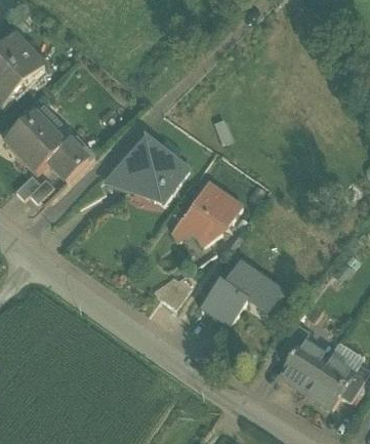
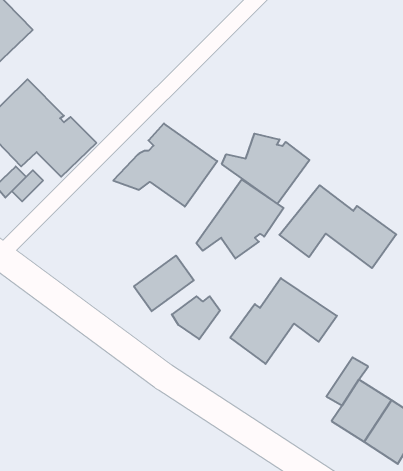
building: none -> [222,134,309,204]
building: none -> [279,185,396,268]
building: none -> [134,256,194,311]

